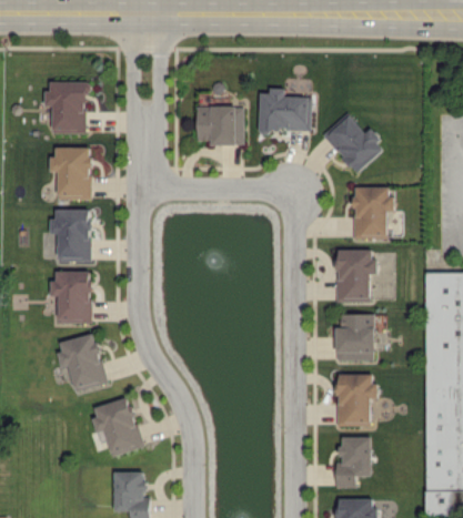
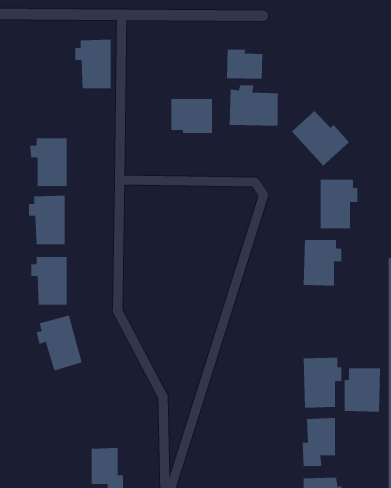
building: none -> [226,49,263,79]
building: [46,80,84,132] -> [74,39,112,89]
building: [335,317,374,364] -> [344,368,381,412]
building: [92,396,142,455] -> none

